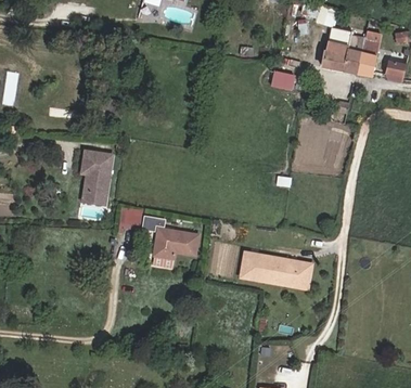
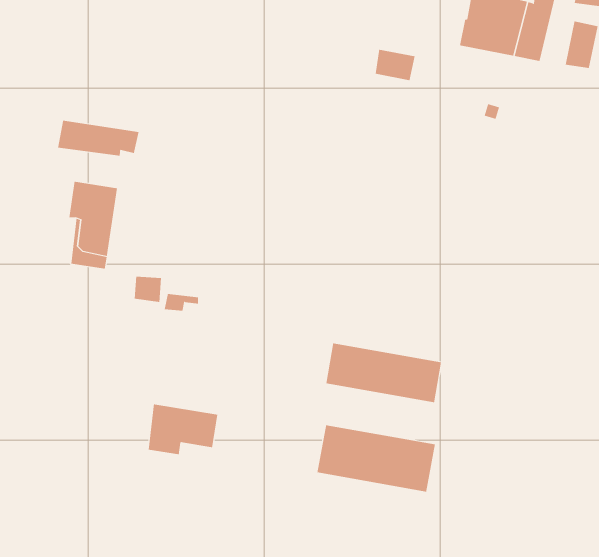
building: none -> [57,120,139,157]
building: [152,229,195,260] -> [148,404,218,455]
building: none -> [317,424,435,492]

